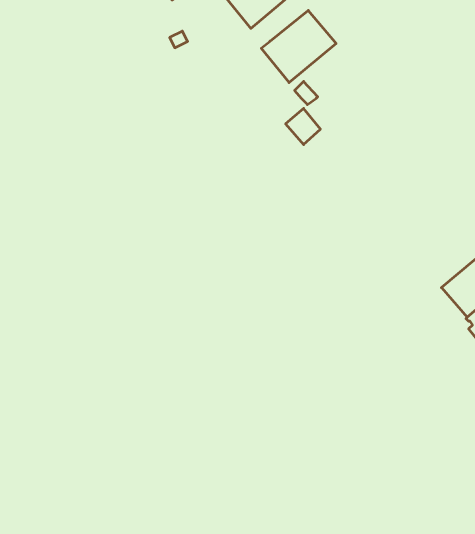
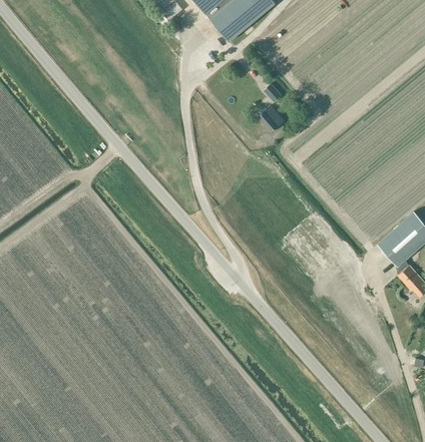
building: [261,10,336,83] -> none

